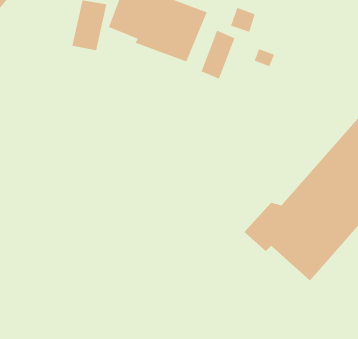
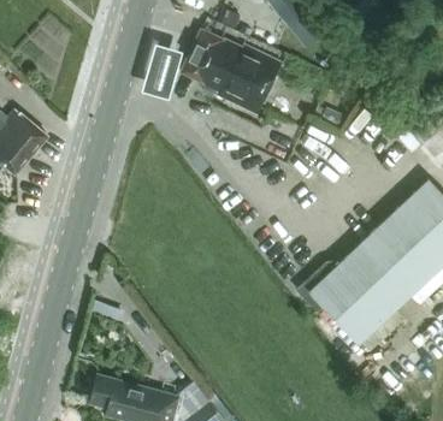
building: [201,30,235,80] -> none

